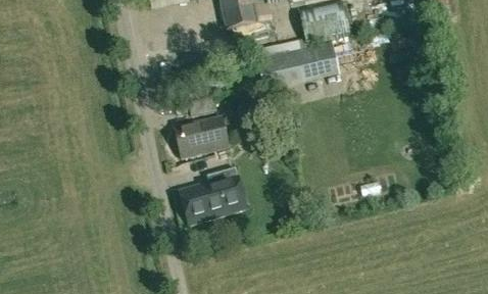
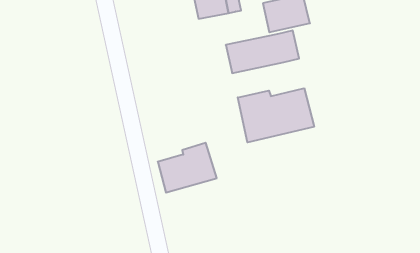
building: none -> [238,88,314,142]
building: [174,114,229,156] -> none

